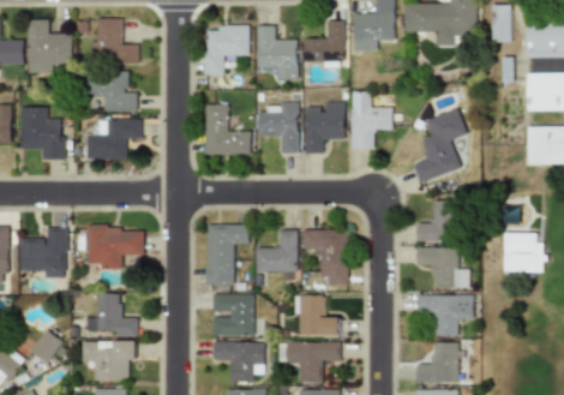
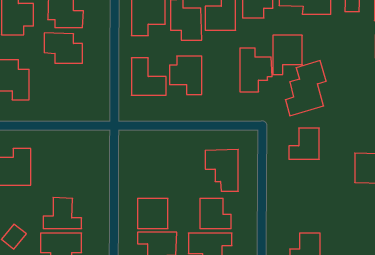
building: [305,101,344,154] -> [273,35,302,74]
building: [85,119,140,160] -> none
building: [205,223,250,285] -> none
building: [86,226,144,269] -> none
building: [256,231,298,274] -> none
building: [415,247,468,288] -> none
building: [415,294,473,335] -> none

